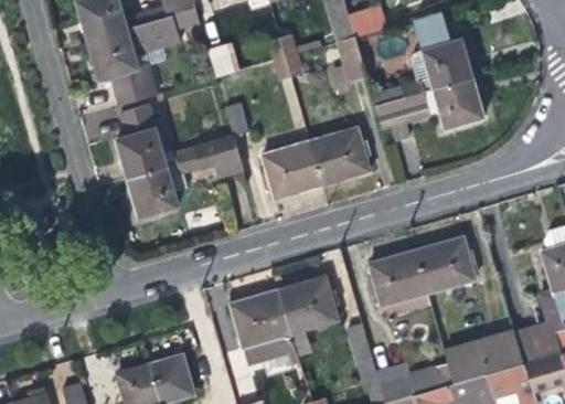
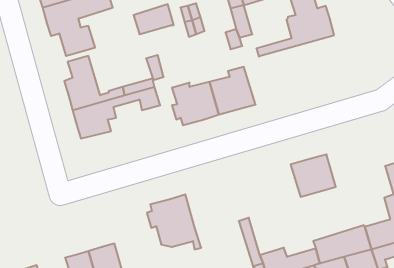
building: [375,78,484,139] -> none
building: [369,249,429,306] -> none
building: [277,275,340,332] -> none

